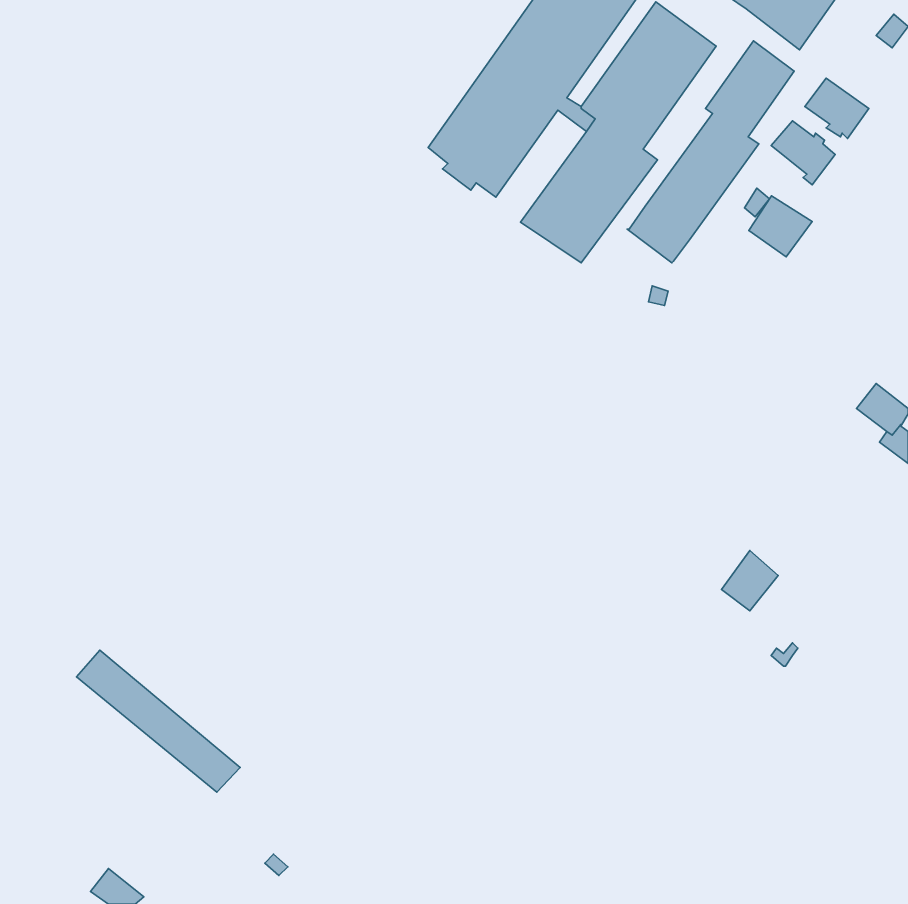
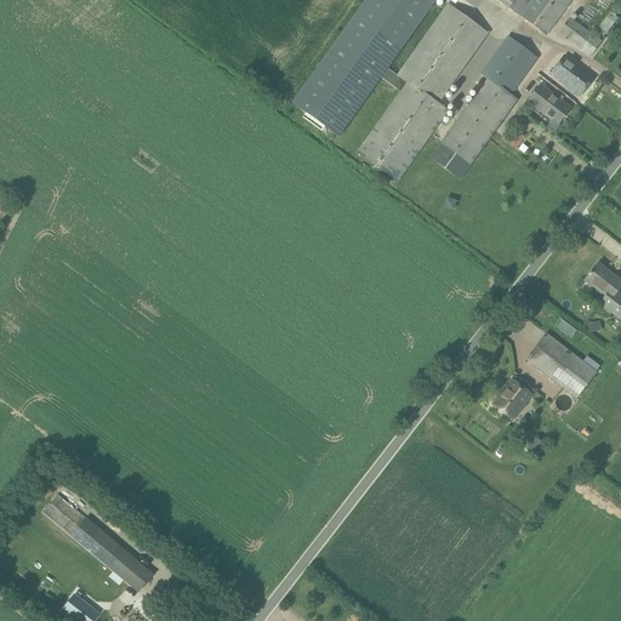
building: none -> [558,16,602,55]
building: [749,196,812,257] -> none
building: none -> [525,331,596,397]
building: [77,650,240,792] -> [41,492,153,589]

